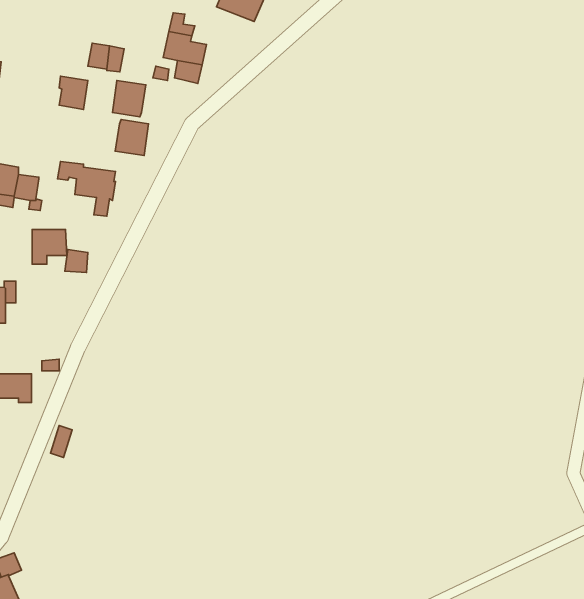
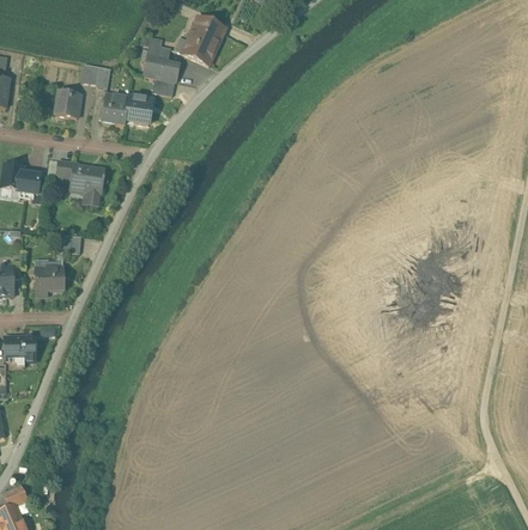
building: none -> [180,32,218,65]
building: [115,119,149,156] -> [125,93,152,123]
building: [32,229,67,264] -> [35,267,63,296]

